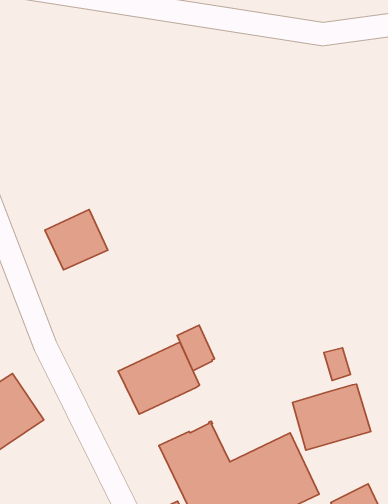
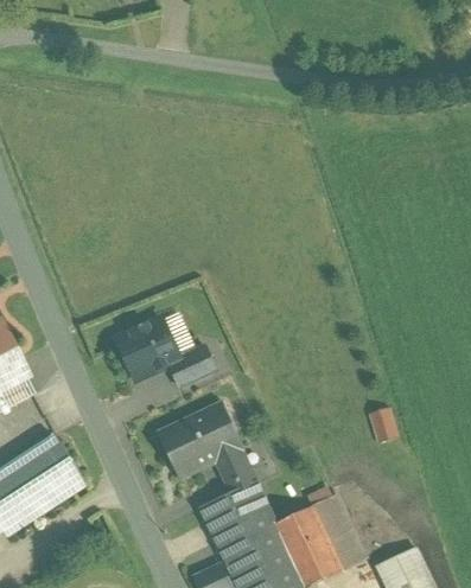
building: [45,209,108,270] -> [115,318,179,379]
building: [177,325,214,370] -> [216,449,254,496]
building: [293,384,371,450] -> none

